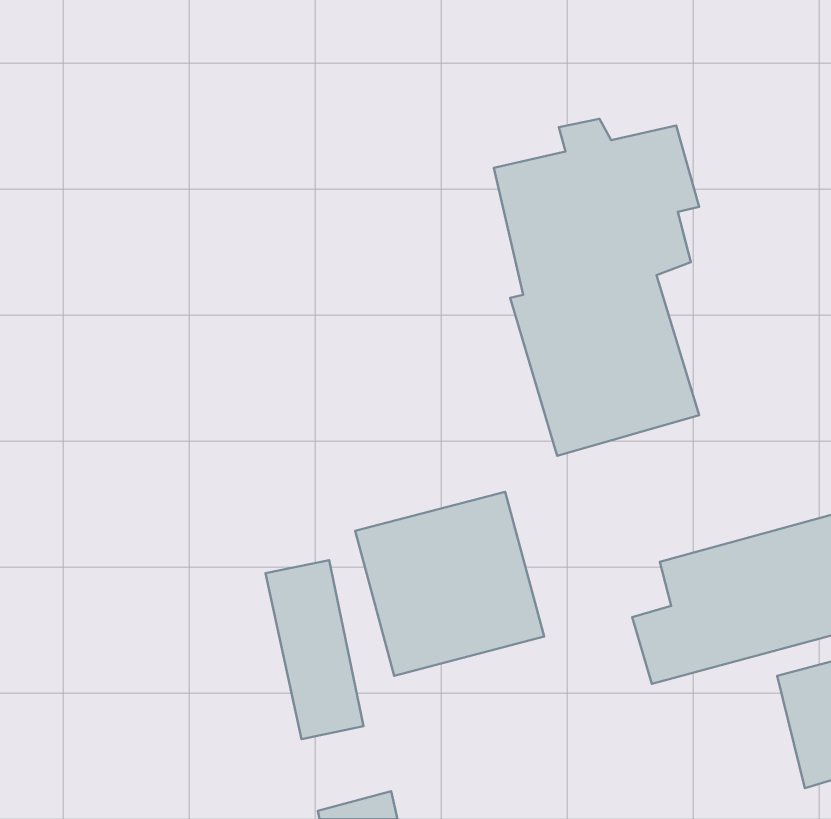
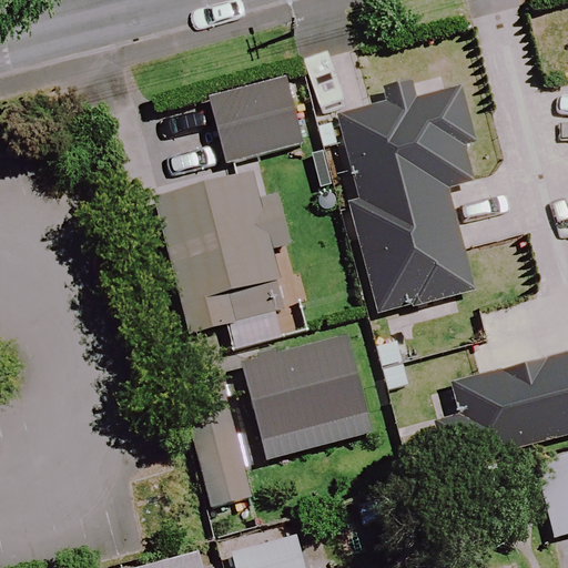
building: none -> [210,74,304,160]
building: none -> [155,173,292,332]

